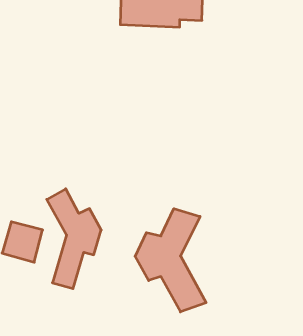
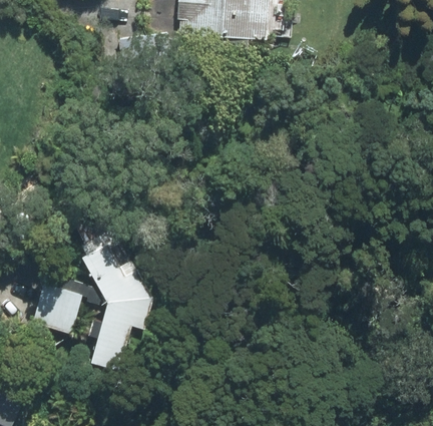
building: [135,209,206,312] -> none

